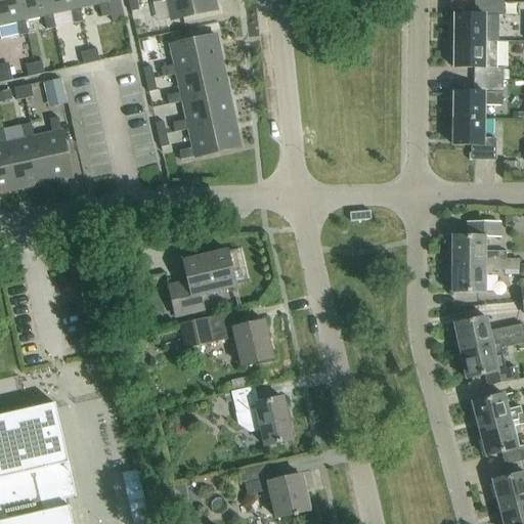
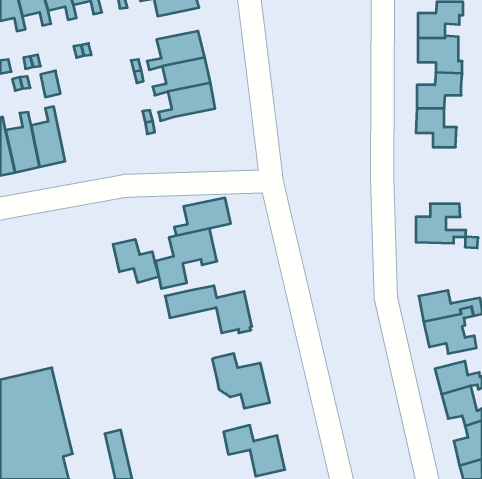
building: [178,118,239,159] -> [174,198,231,236]
building: [451,257,505,291] -> none
building: none -> [113,239,159,283]

